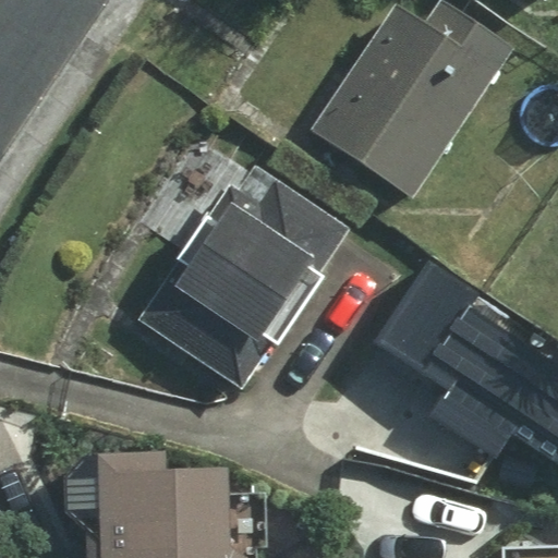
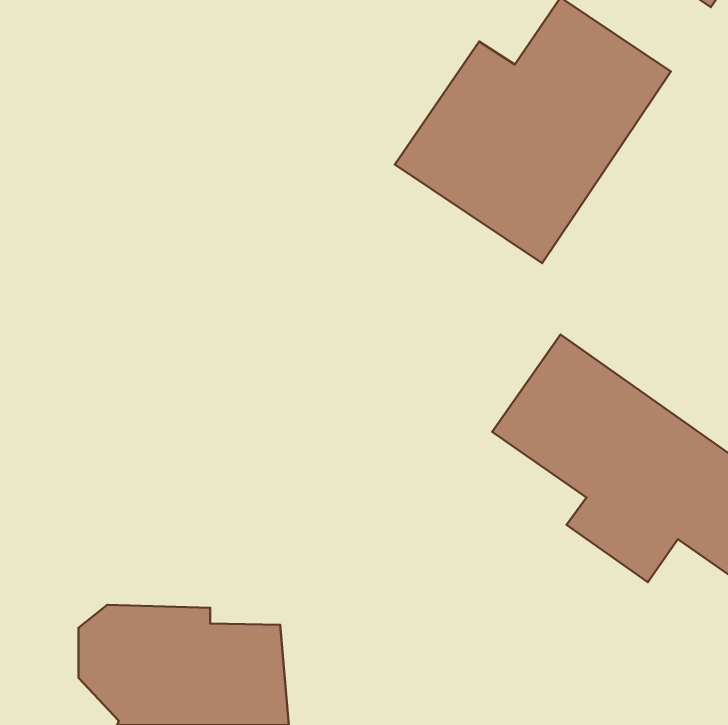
building: [140,162,352,392] -> none

